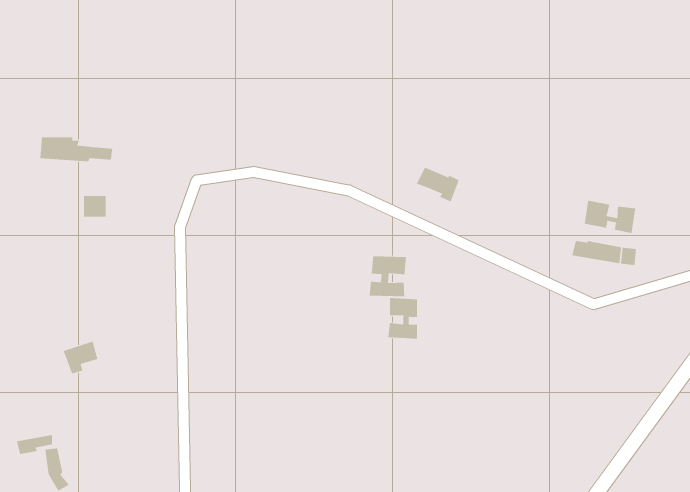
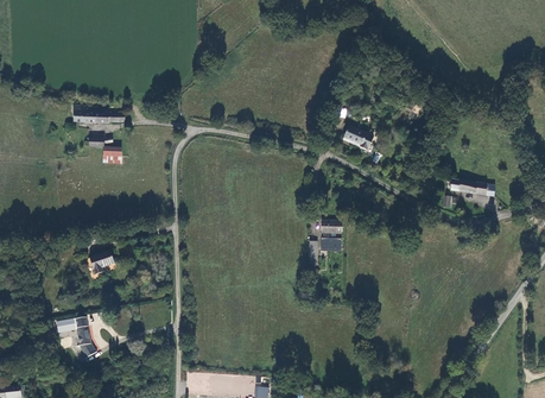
building: [584,200,636,234] -> none
building: [369,256,407,297] -> none

